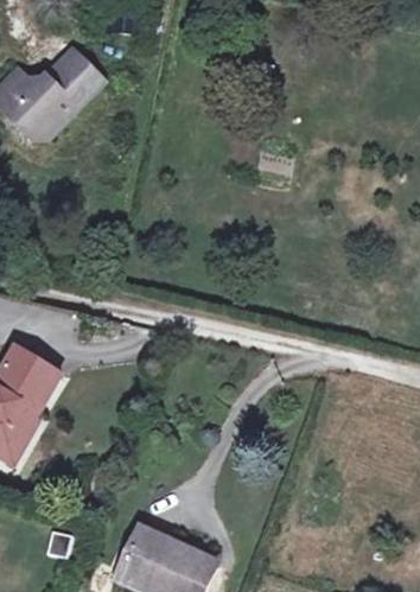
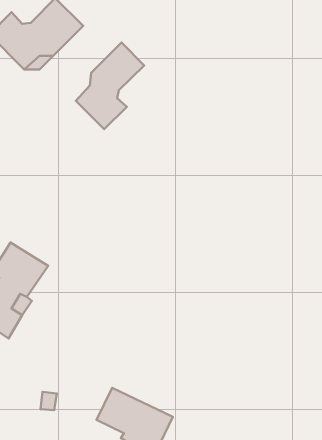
building: none -> [76,43,144,129]

